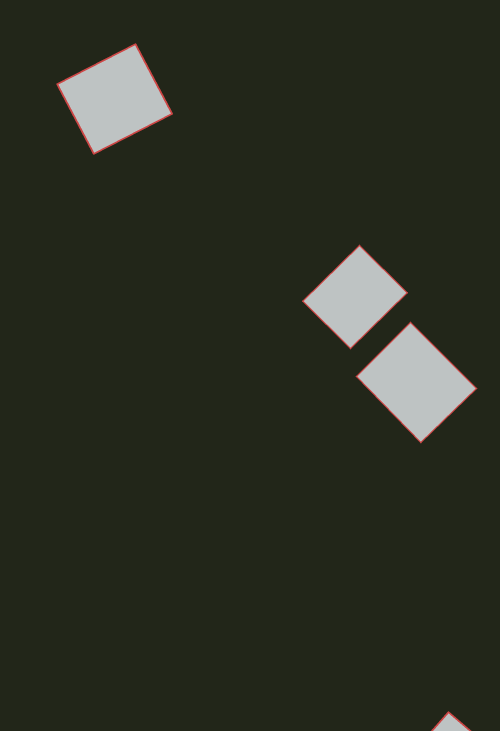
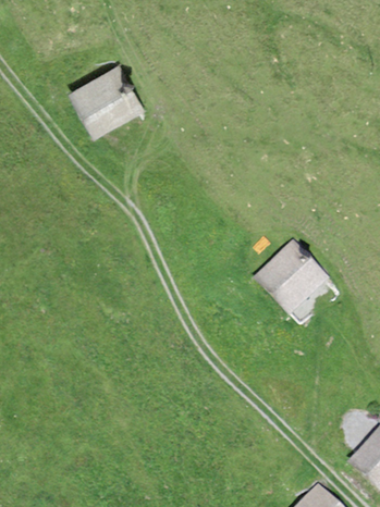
building: [303,245,407,349] -> none

